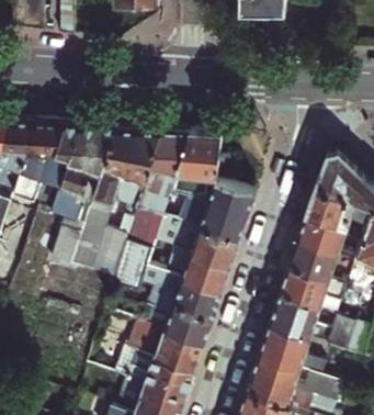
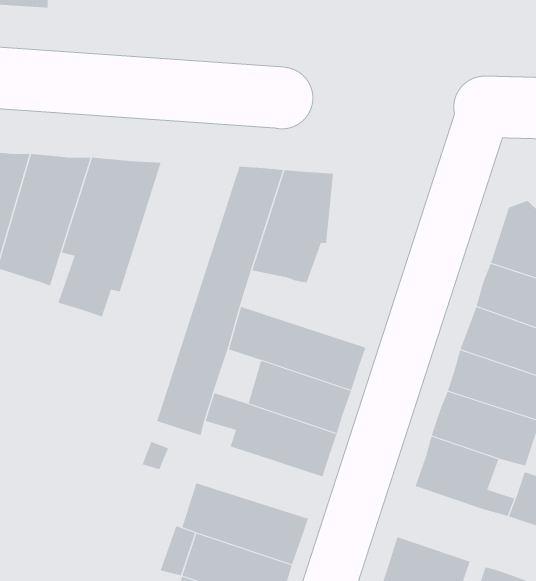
building: [49,128,161,280] -> none
building: [162,178,257,242] -> none
building: [148,302,213,346] -> none
building: [258,326,324,378] -> none

